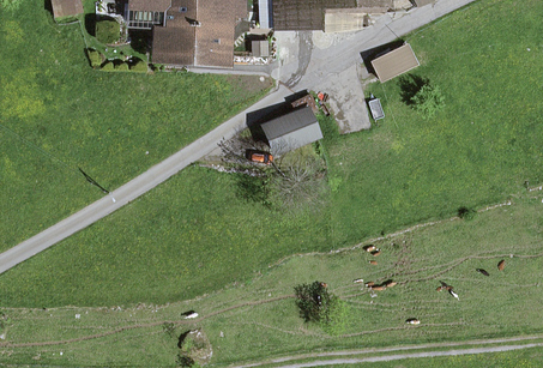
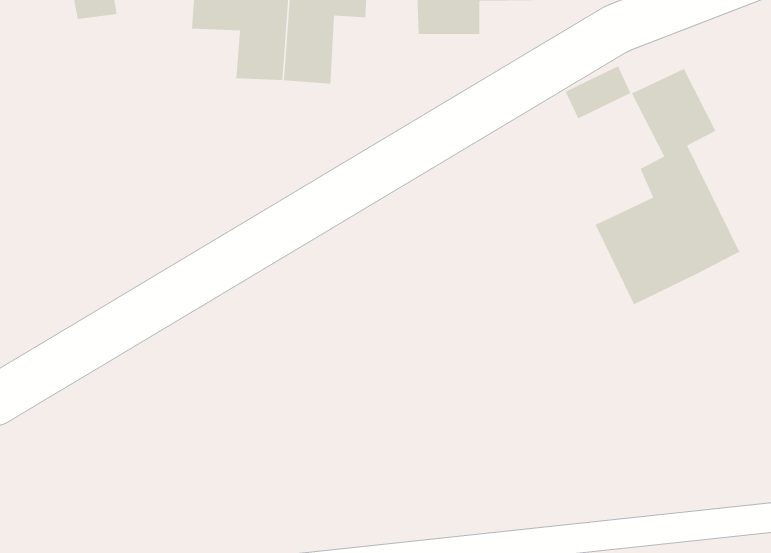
building: none -> [595,68,740,305]
building: [264,111,315,152] -> none

